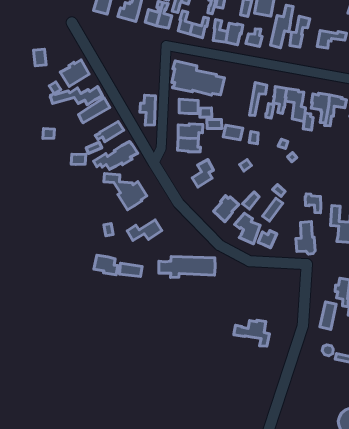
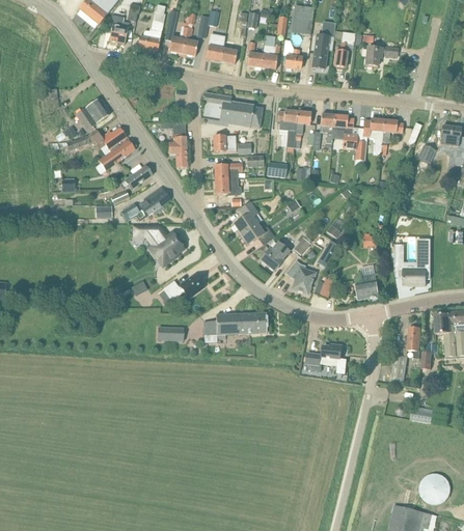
building: none -> [277,109,298,147]
building: none -> [241,222,274,244]
building: [94,255,118,275] -> none
building: [234,320,270,346] -> [306,343,347,372]

